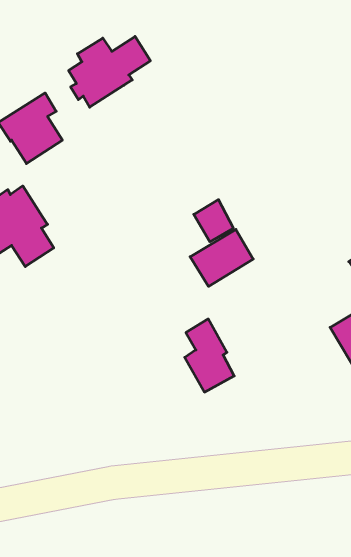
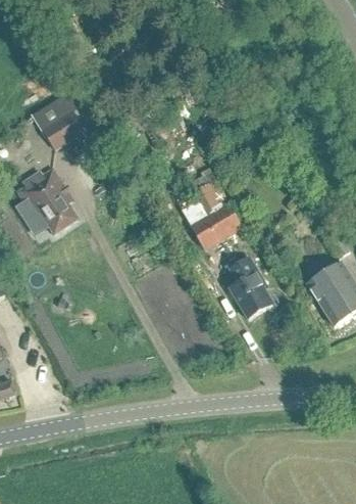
building: [69,36,150,107] -> none
building: [185,319,234,392] -> [230,256,270,316]

